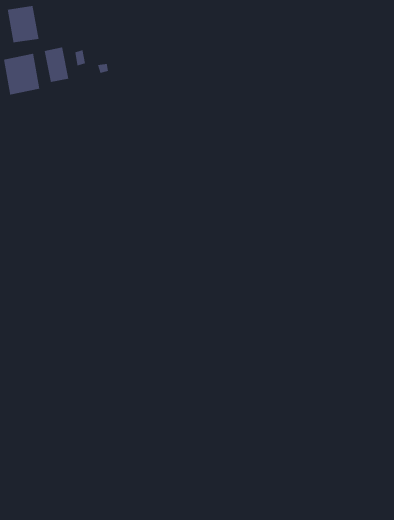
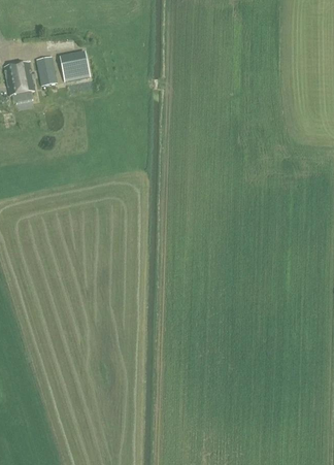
building: [7,5,39,43] -> none

